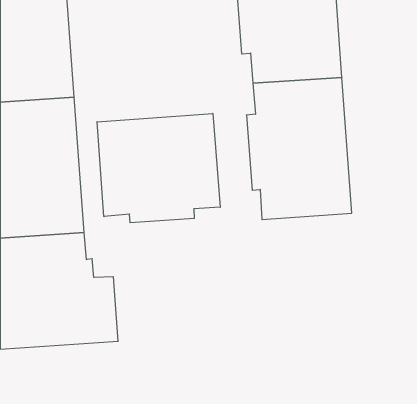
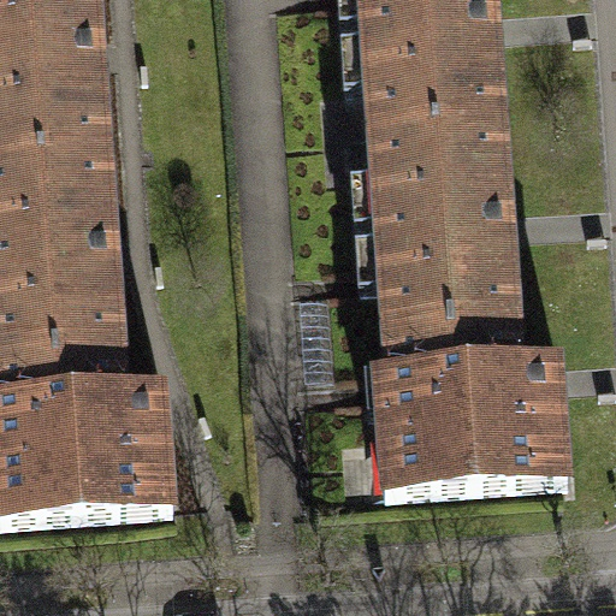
building: [97,113,220,223] -> none
building: none -> [378,314,569,487]

